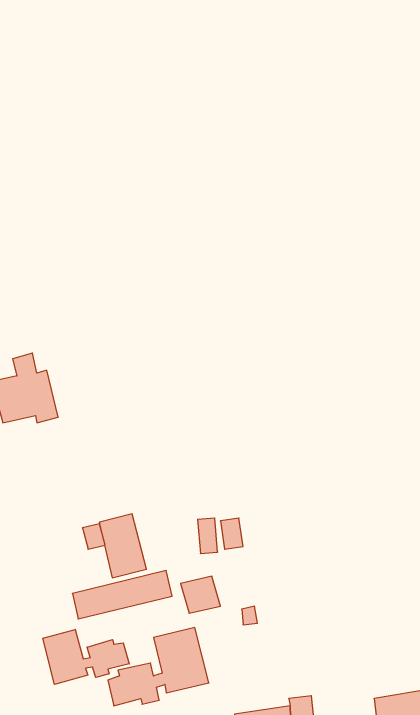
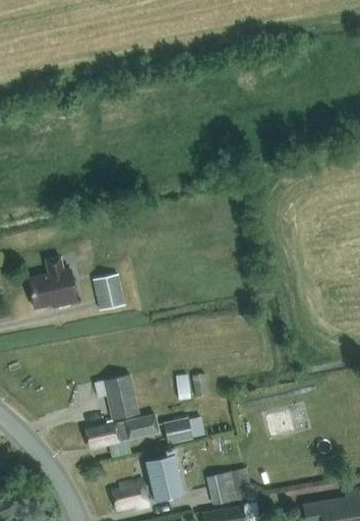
building: none -> [93,275,124,310]
building: [43,629,129,684] -> none
building: none -> [208,472,235,504]

